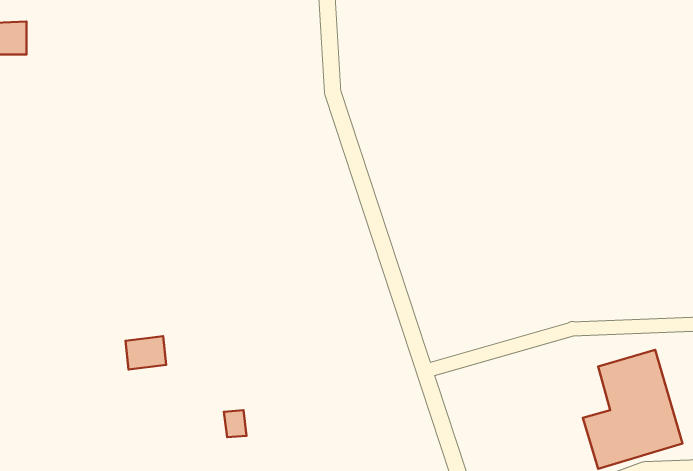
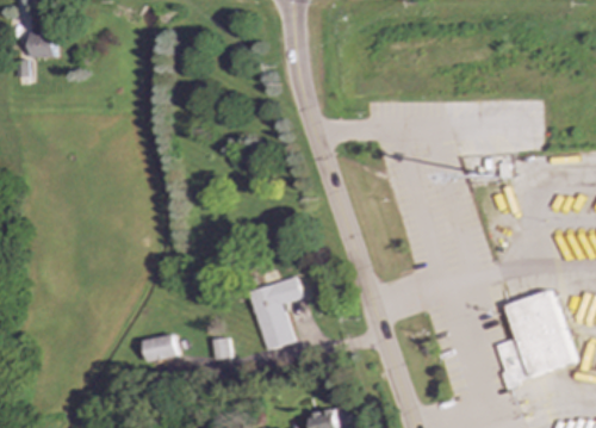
building: none -> [249,277,303,349]
building: [125,336,166,369] -> [144,334,176,360]

